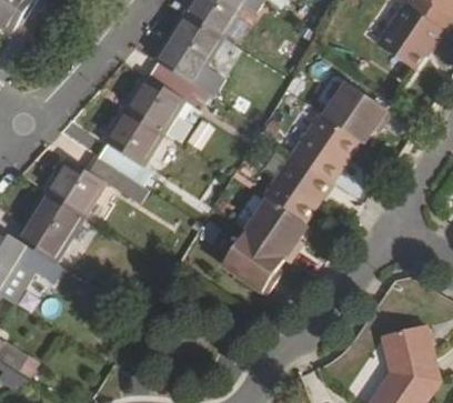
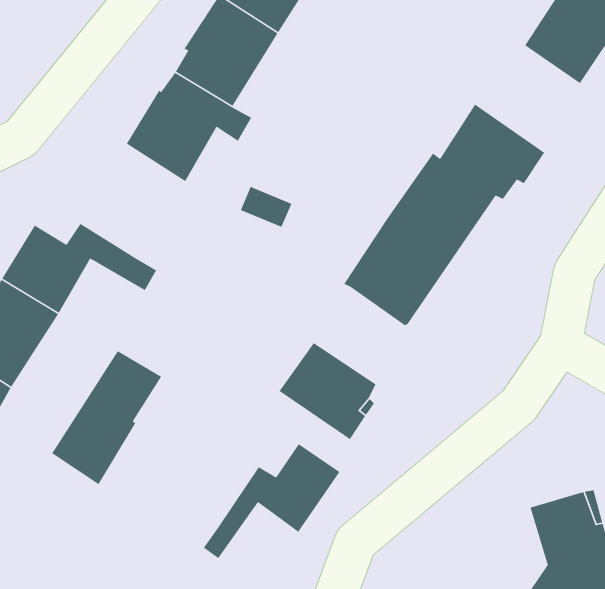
building: [97,108,163,180] -> none
building: [244,199,309,263] -> none
building: none -> [51,350,162,485]
building: none -> [203,443,341,559]

